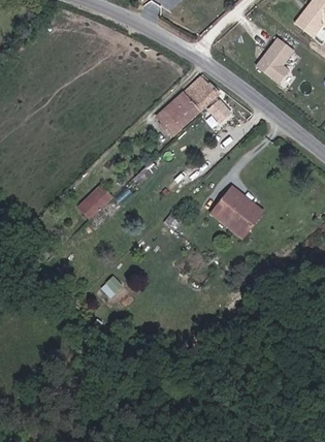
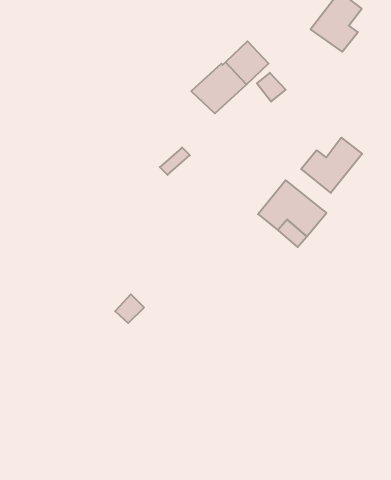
building: none -> [301,138,362,193]
building: [79,185,115,219] -> none

